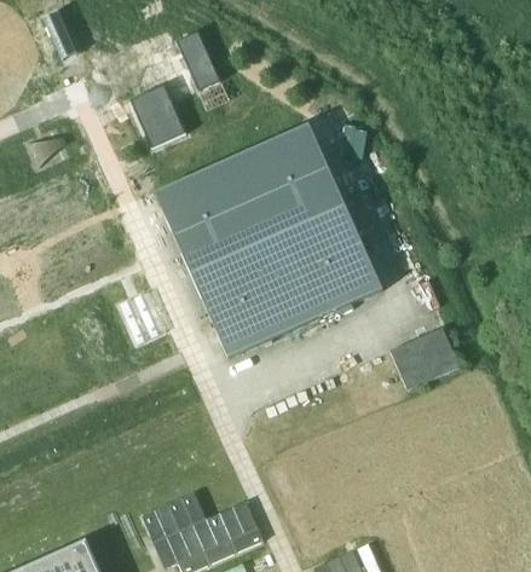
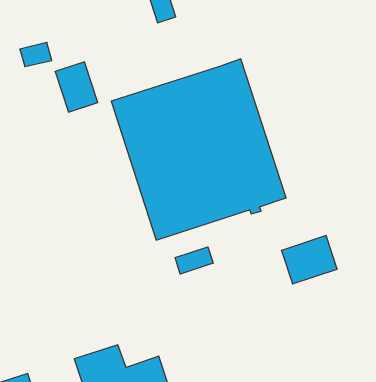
building: [125,82,181,146] -> [55,62,98,112]
building: none -> [175,247,213,274]

